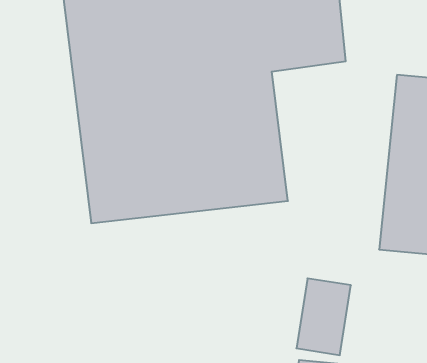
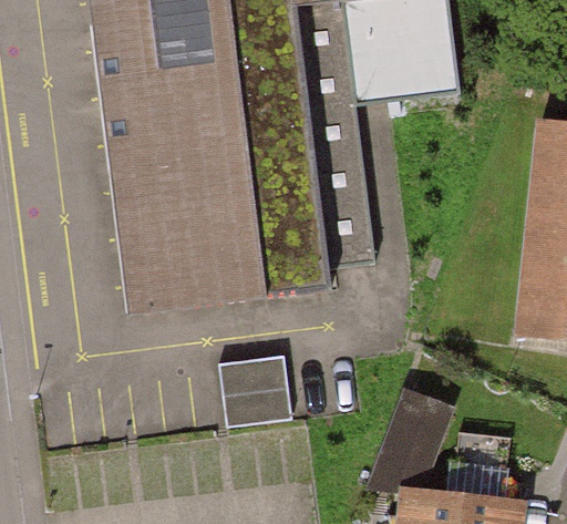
building: none -> [234,347,307,418]

